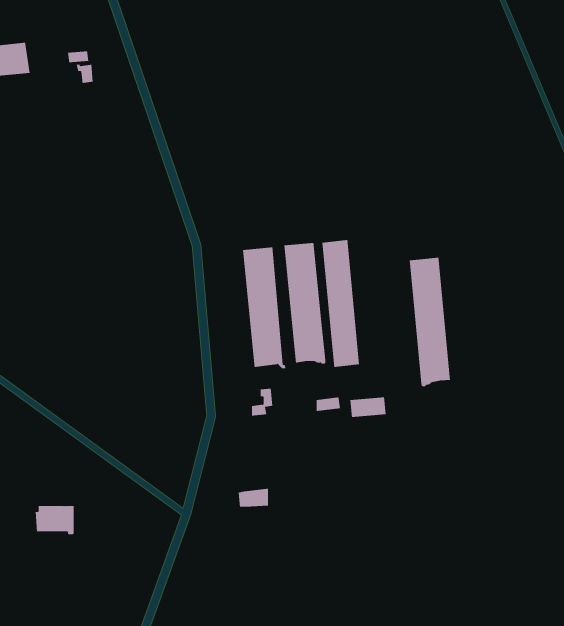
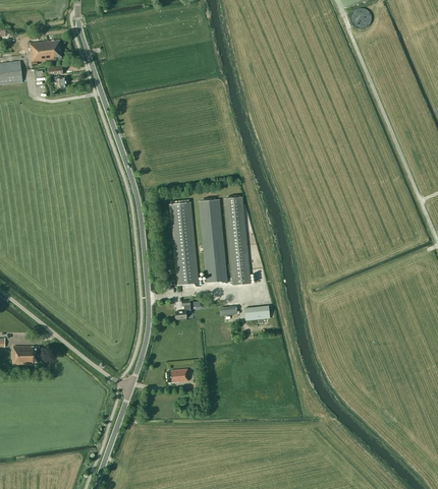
building: none -> [30,39,61,65]
building: [409,257,450,388] -> none
building: [35,506,74,535] -> [11,346,39,366]

